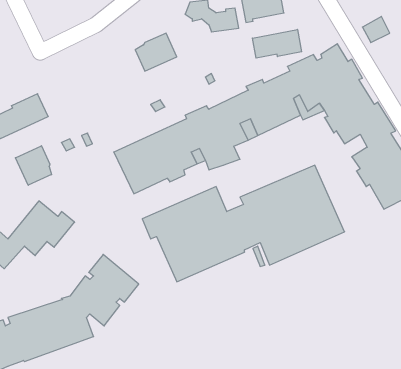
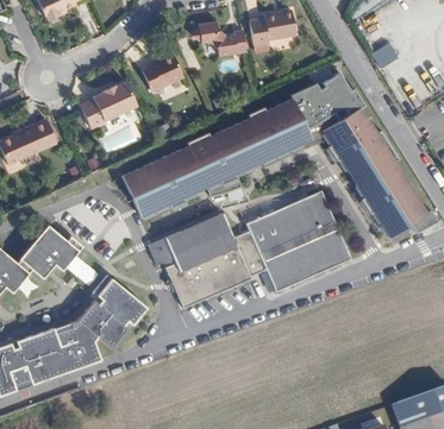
building: [252,29,302,58] -> none
building: none -> [80,83,137,128]
building: [15,146,52,185] -> none

